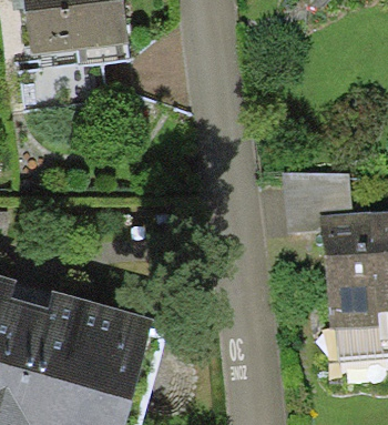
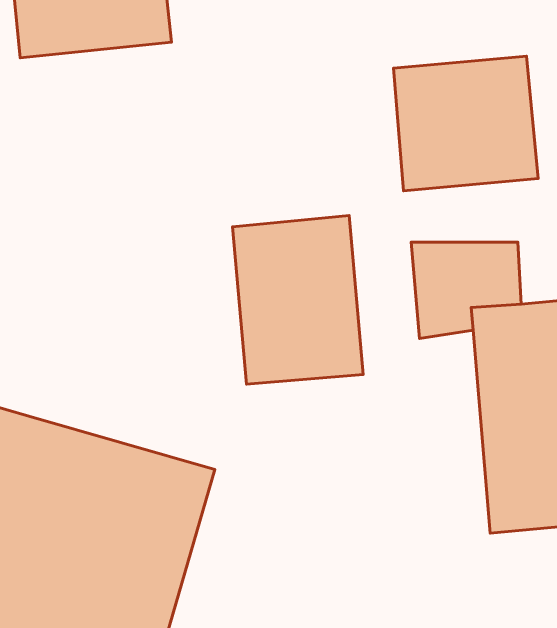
building: none -> [393,56,538,191]
building: none -> [233,215,363,384]

